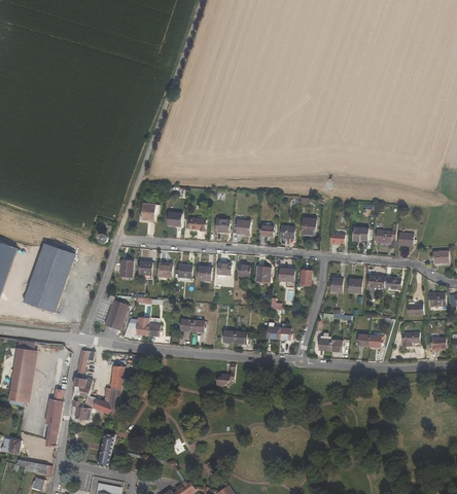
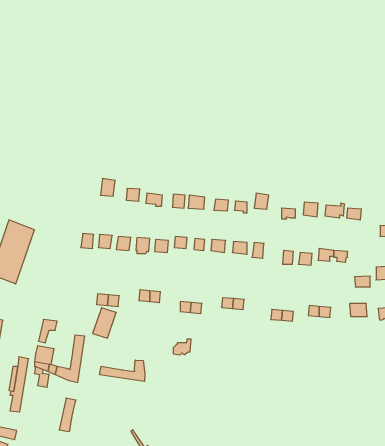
building: [105,297,130,329] -> [93,308,116,338]
building: none -> [100,360,145,381]

